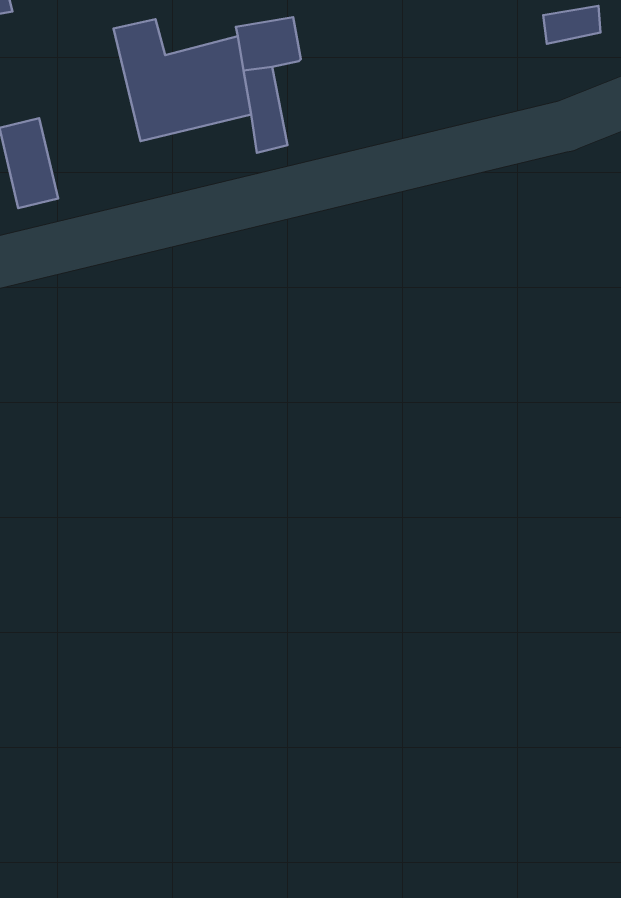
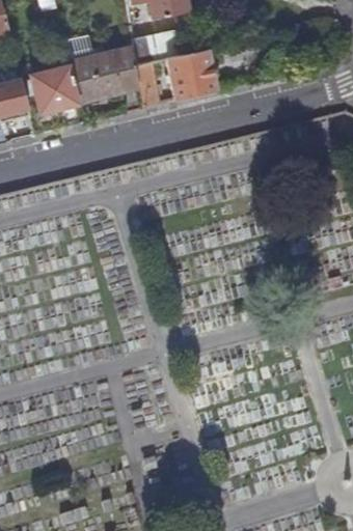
building: none -> [165,50,216,102]
building: none -> [30,65,76,112]

